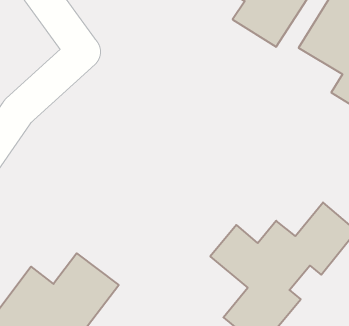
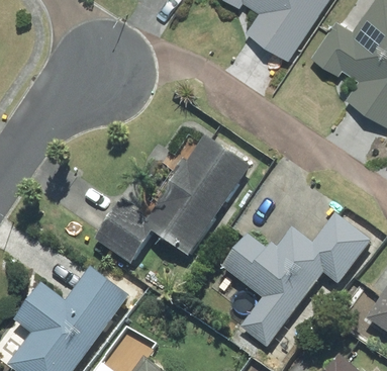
building: none -> [94,131,253,267]

